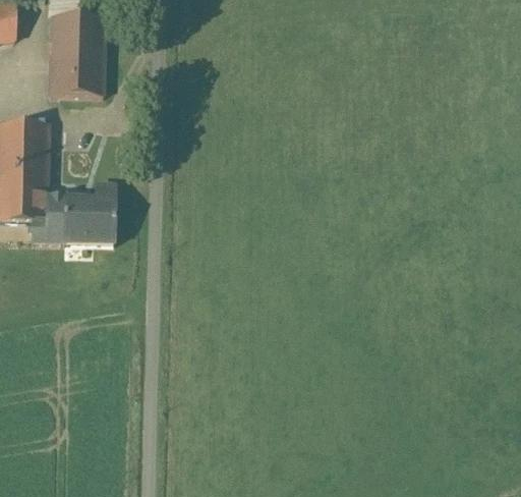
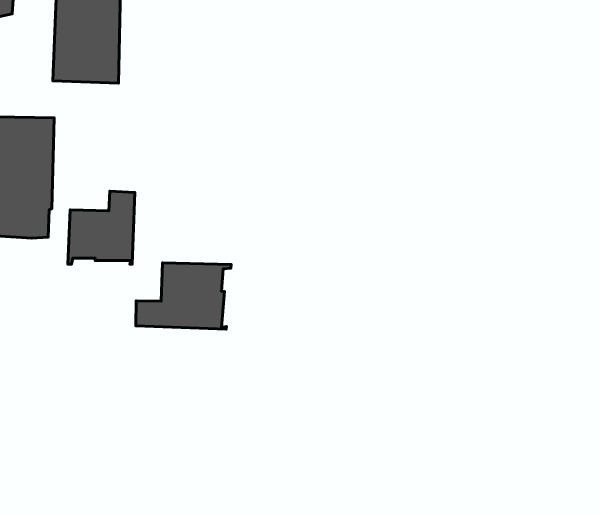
building: [30,198,62,243] -> none
building: none -> [136,263,231,329]

